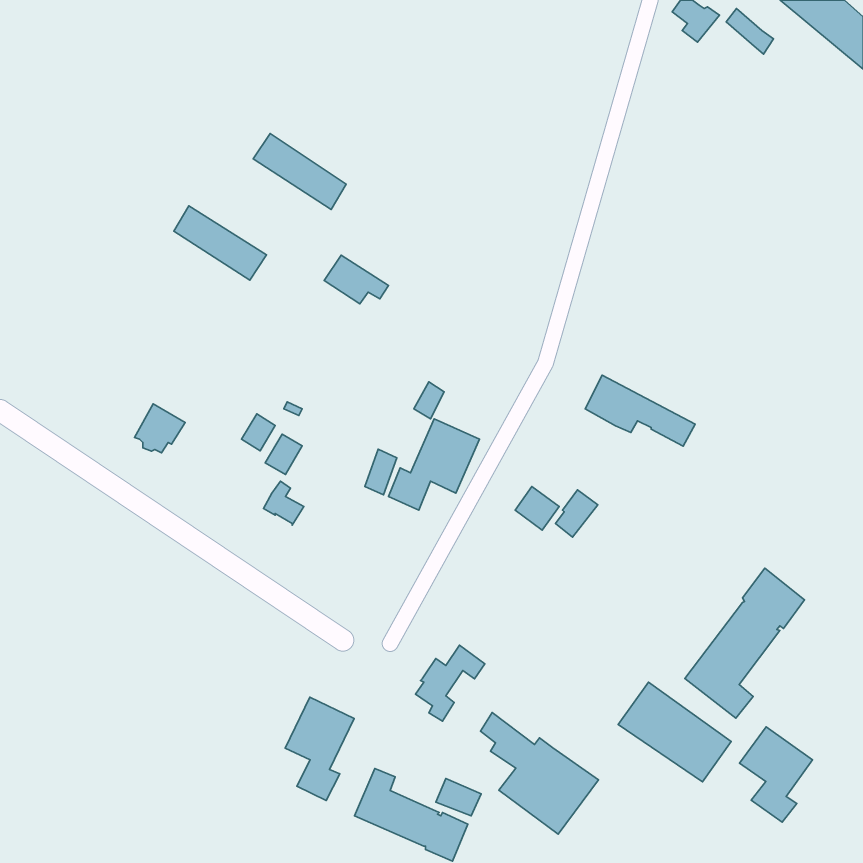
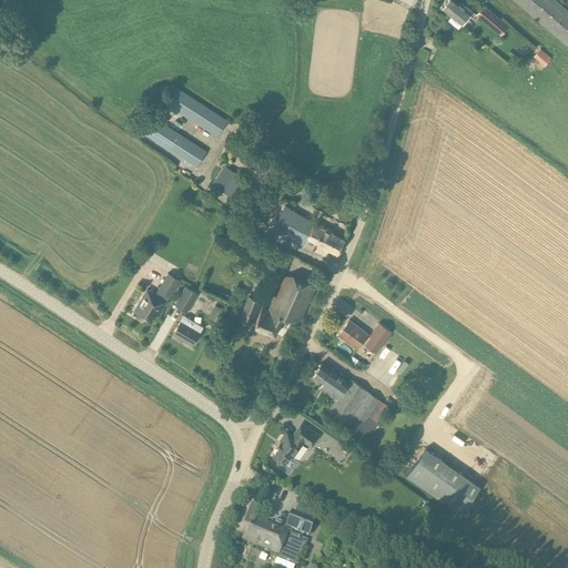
building: [174,206,267,280] -> [146,119,207,168]
building: [585,375,695,446] -> [273,207,345,254]
building: [135,404,185,453] -> [134,288,168,321]
building: [685,568,804,718] -> none
building: [285,697,354,800] -> none
building: [480,712,599,834] -> [313,363,390,443]
building: [740,727,813,822] -> none

